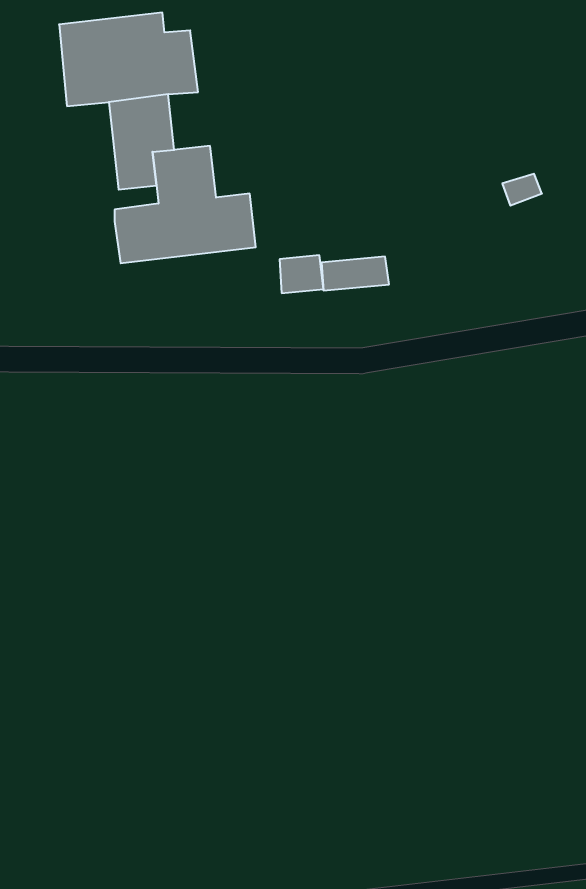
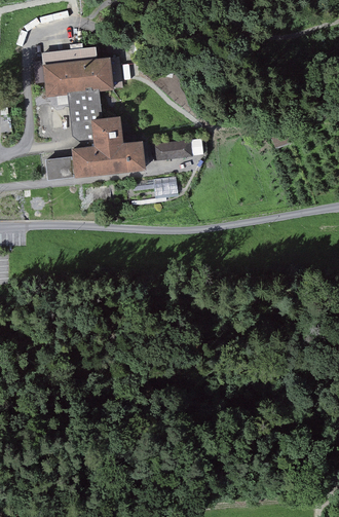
building: none -> [45,155,73,180]
building: [321,257,389,290] -> [154,142,189,159]

